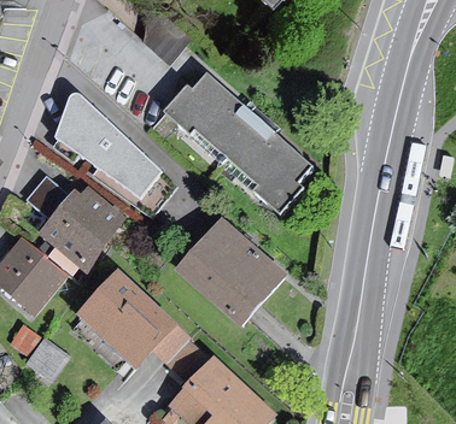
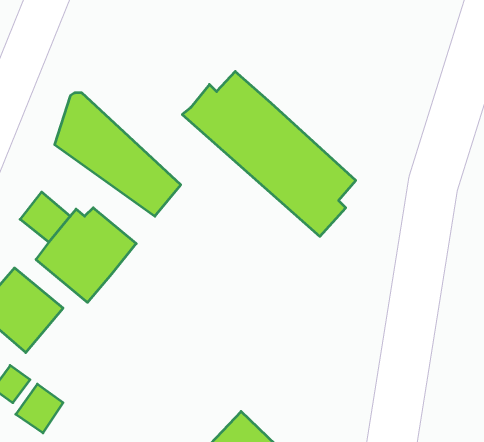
building: [181,222,281,319] -> none
building: [80,272,175,367] -> none

